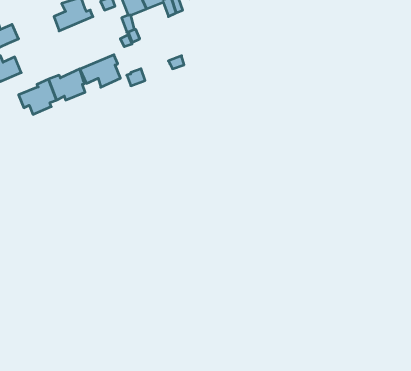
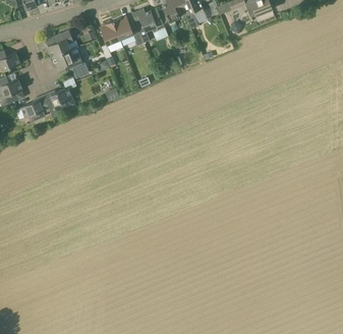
building: [80,55,120,87] -> [52,46,83,71]

